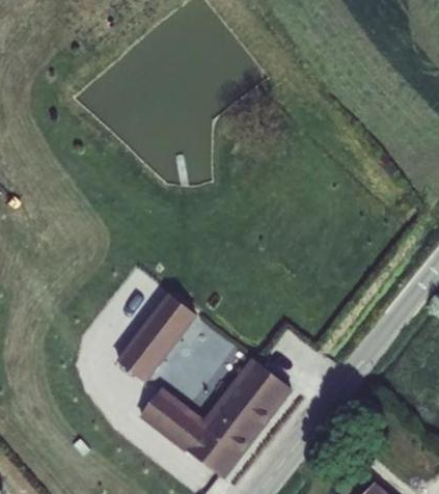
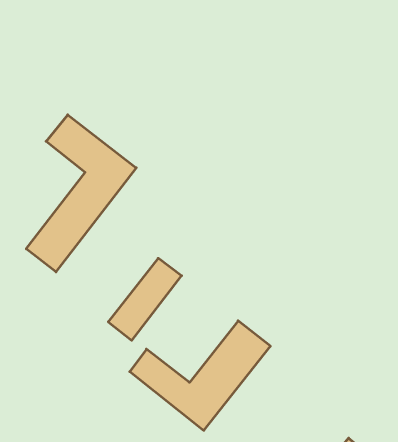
building: none -> [26,115,136,272]

